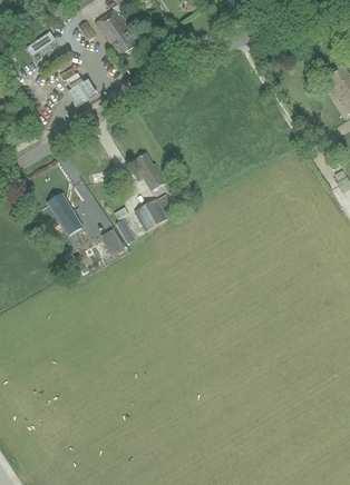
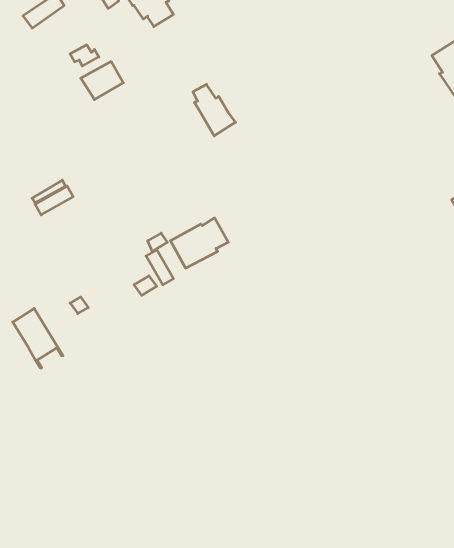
building: [135,154,166,191] -> [193,84,236,136]
building: [46,192,82,236] -> [13,308,63,368]

